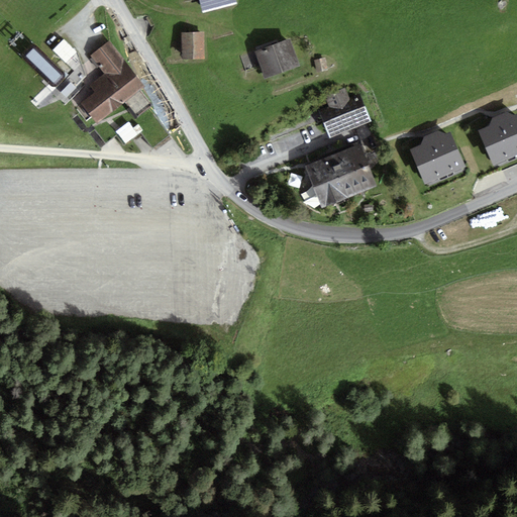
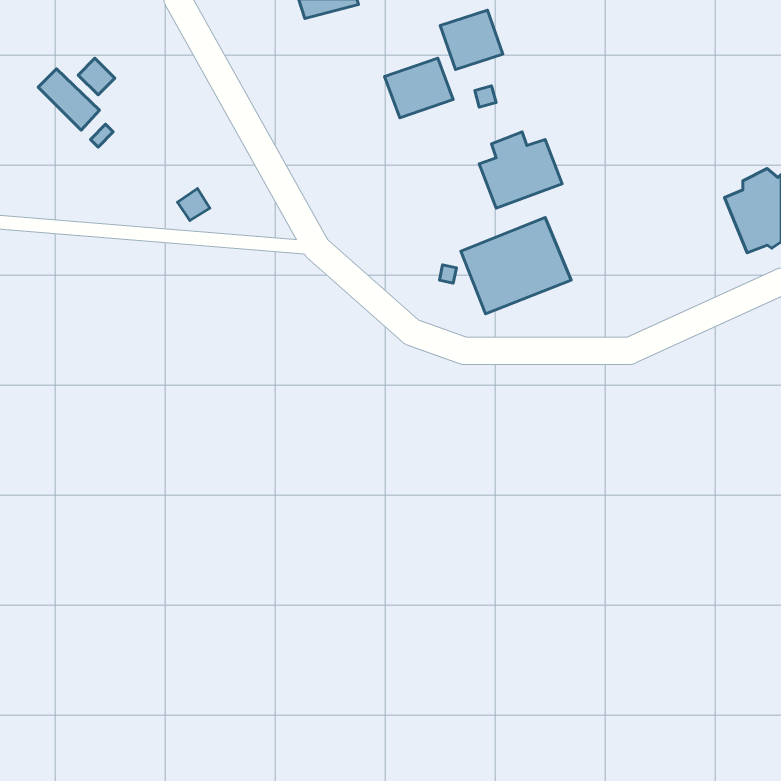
building: none -> [440,10,503,70]
building: [181,31,204,59] -> none
building: [80,39,144,123] -> none
building: [409,128,464,184] -> none

